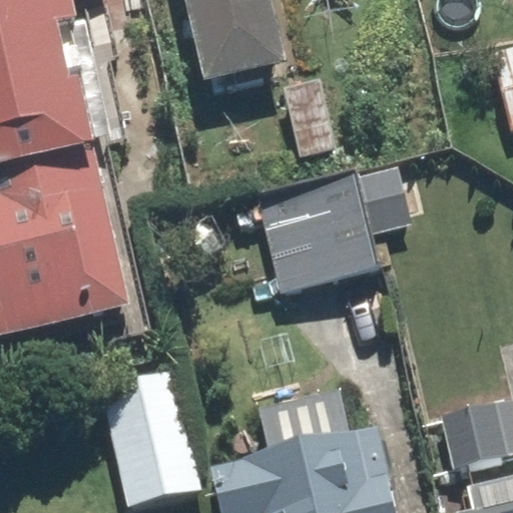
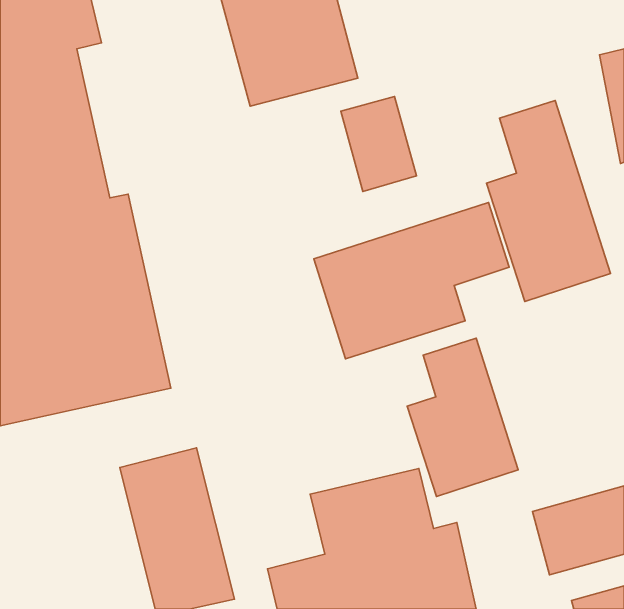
building: none -> [486,100,610,301]
building: none -> [407,338,518,496]

